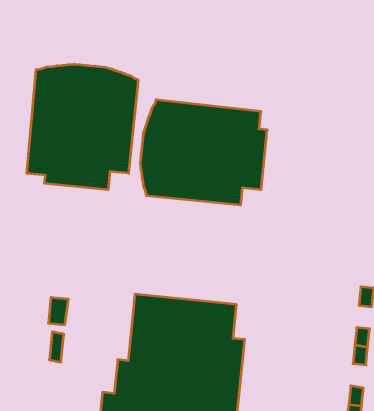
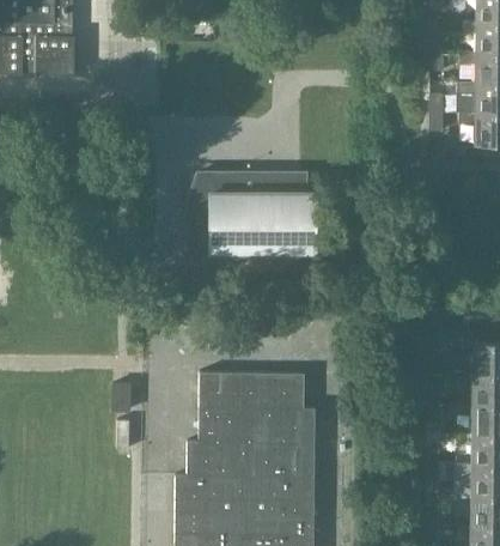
building: [27,64,138,190] -> none

